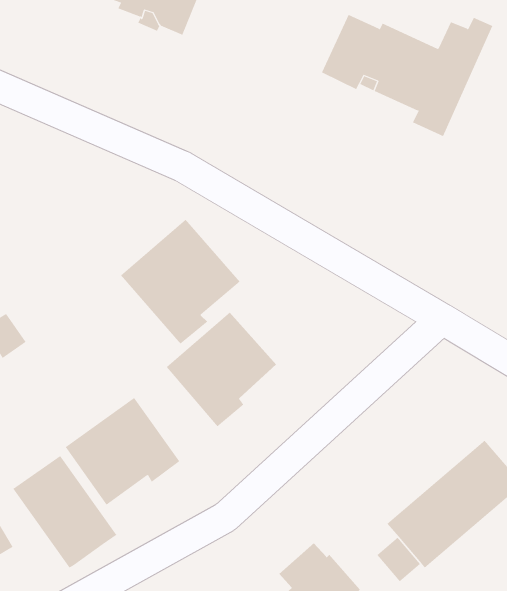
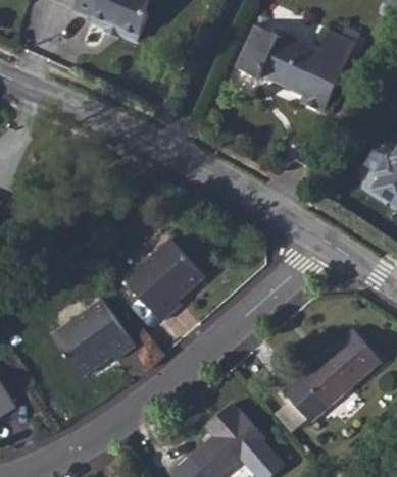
building: [120,219,240,345] -> none
building: [13,455,117,569] -> none

